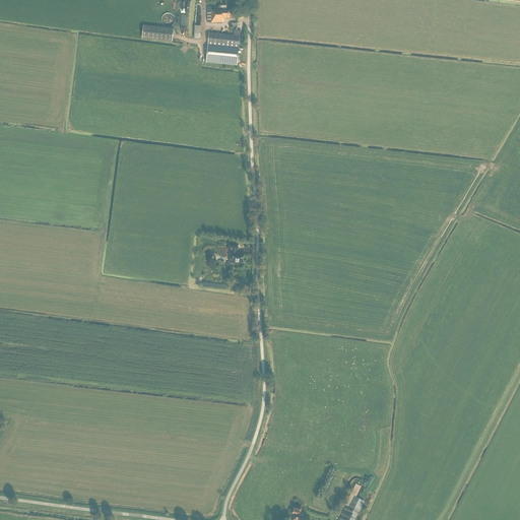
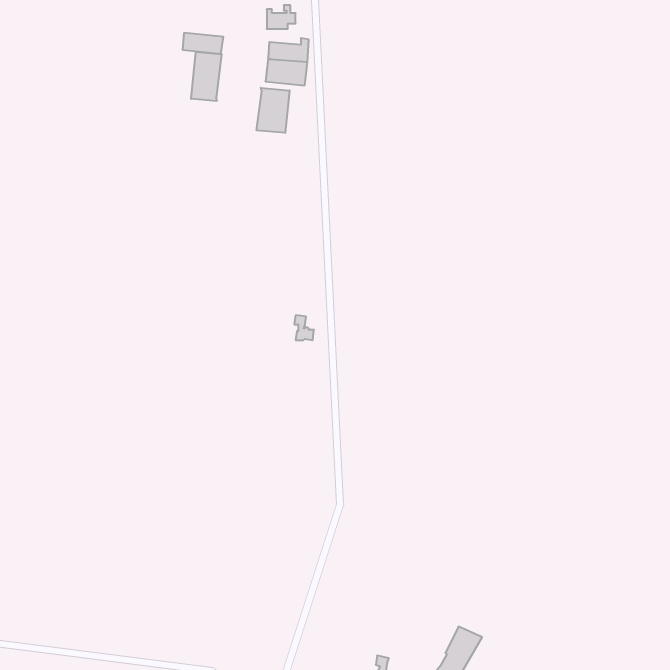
building: none -> [191,52,222,101]
building: none -> [257,88,290,133]

